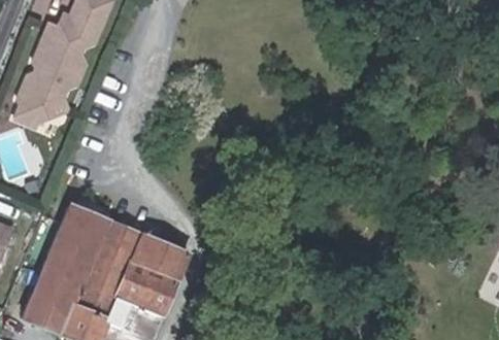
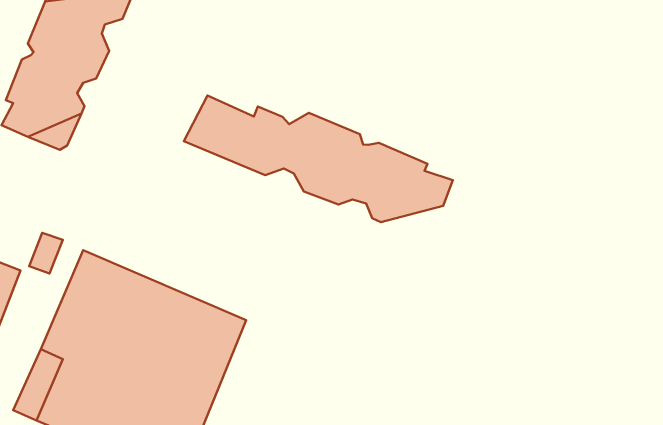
building: none -> [184,95,453,222]

